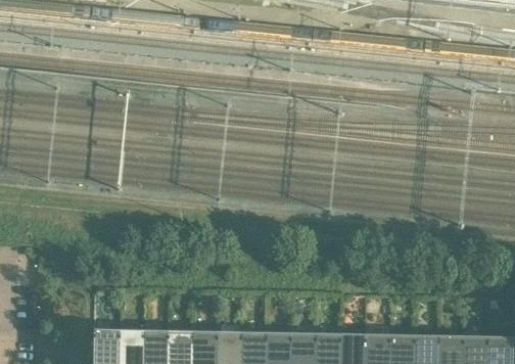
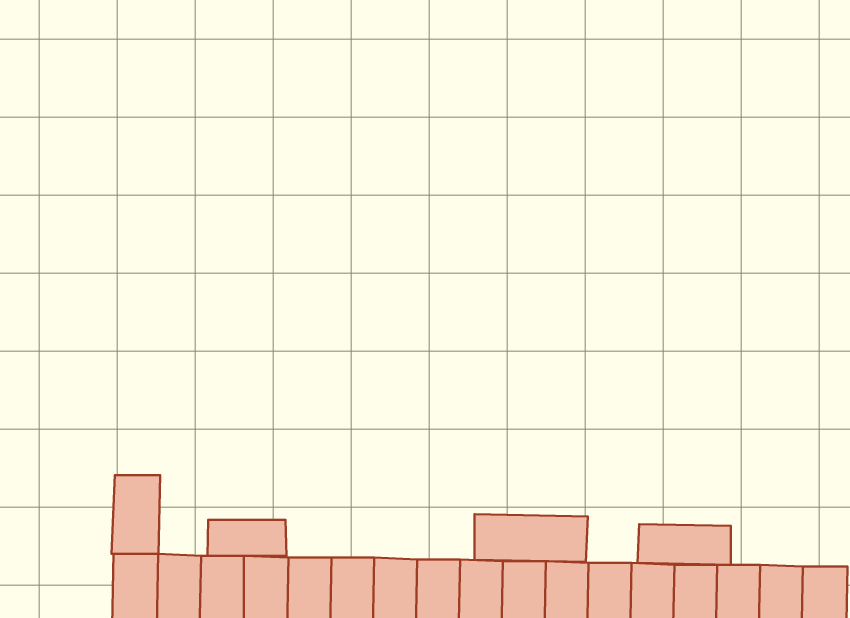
building: none -> [111,475,160,554]
building: none -> [474,514,588,562]
building: none -> [207,520,286,556]
building: none -> [638,524,731,565]

